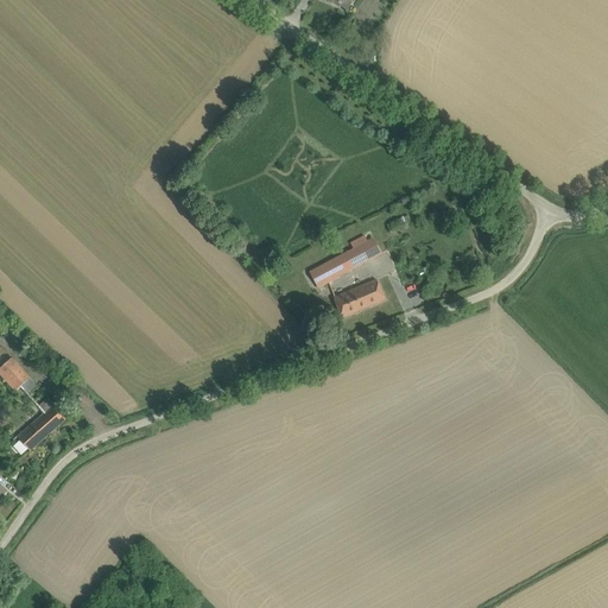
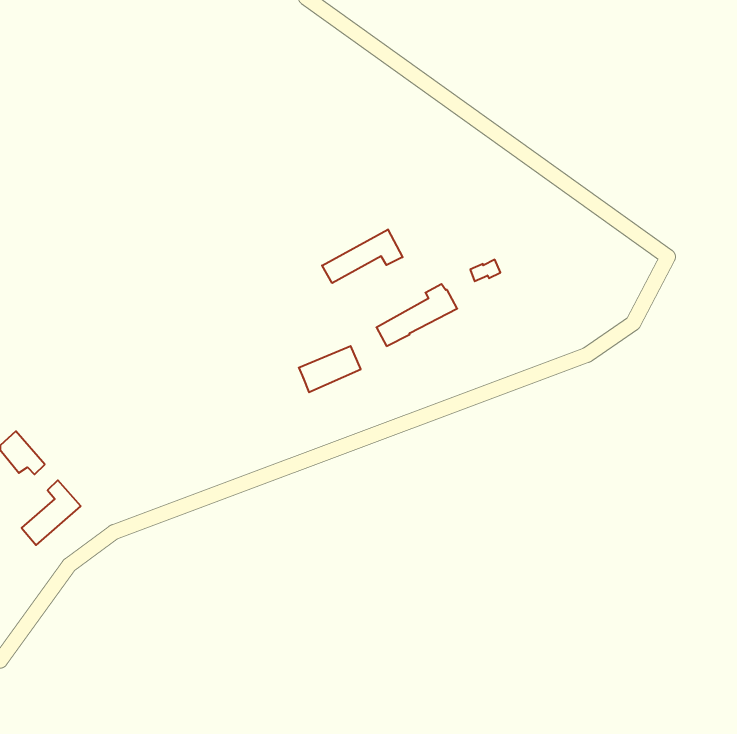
building: none -> [322,229,403,283]
building: [334,278,385,316] -> [299,346,361,392]

